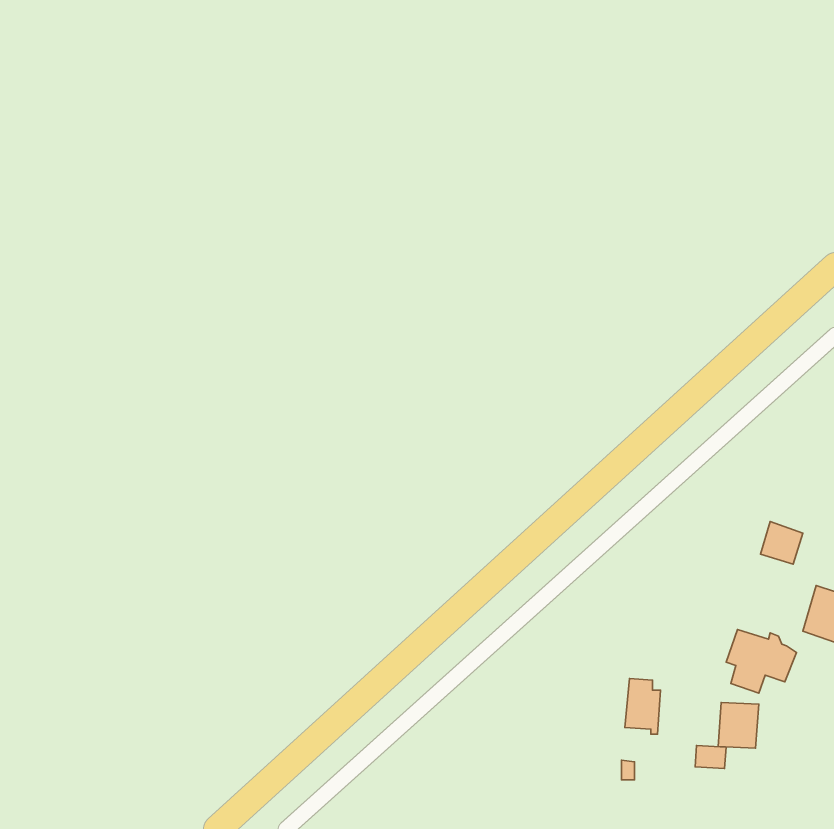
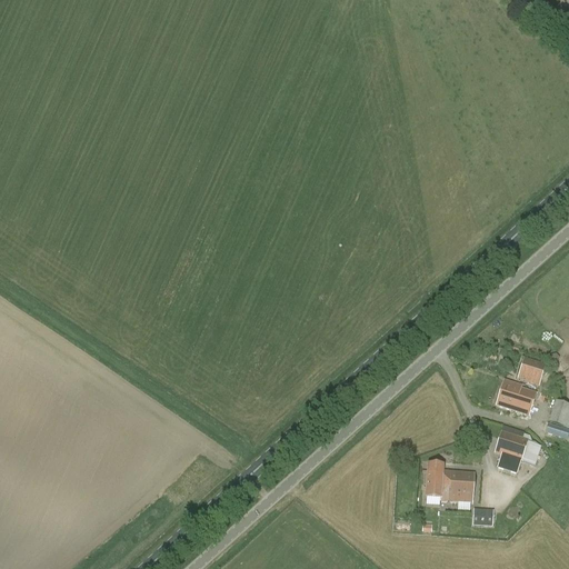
building: none -> [497,378,537,413]
building: [718,702,759,748] -> [448,469,476,500]

